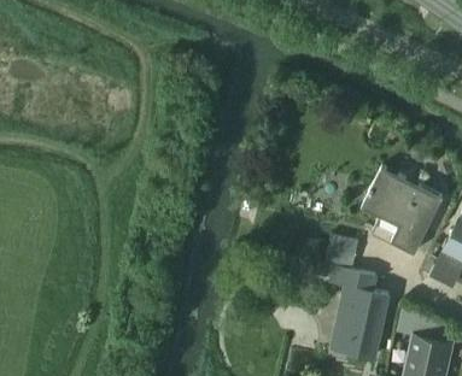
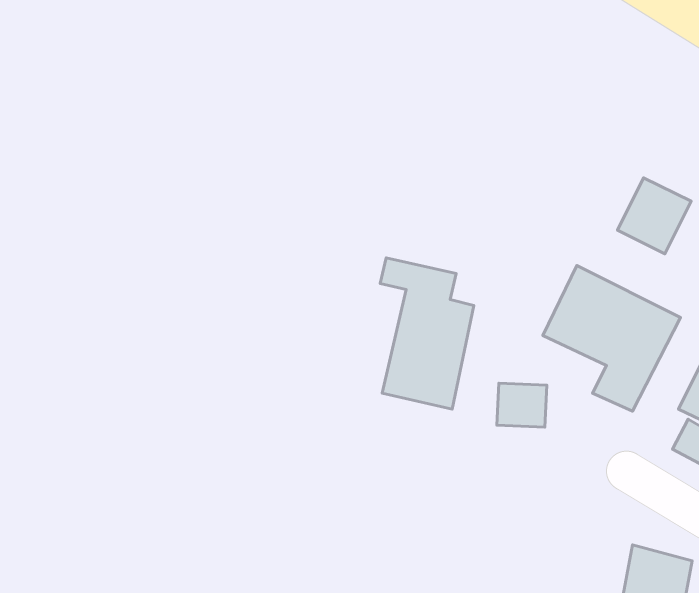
building: none -> [617,178,691,254]
building: [331,266,387,358] -> [380,258,474,409]

